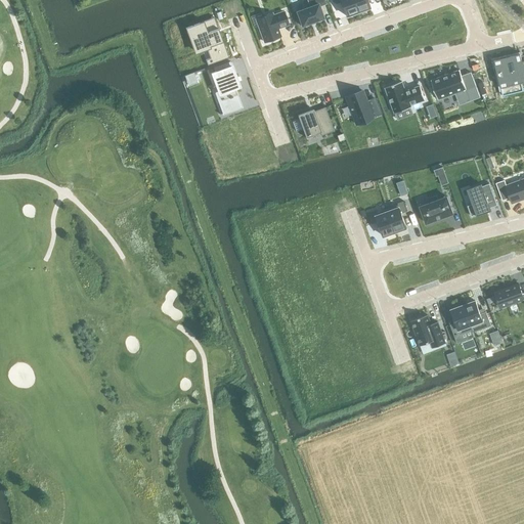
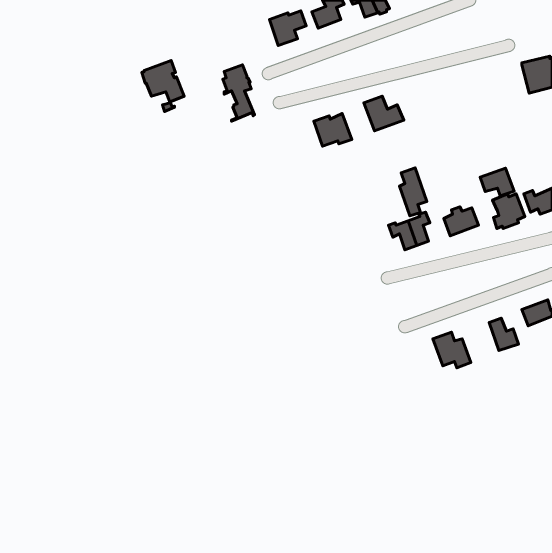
building: [185,17,225,66] -> [142,61,184,111]
building: [430,70,479,102] -> none
building: [384,81,424,114] -> none
building: none -> [399,168,427,216]
building: none -> [480,168,514,196]
building: [449,305,474,343] -> none

